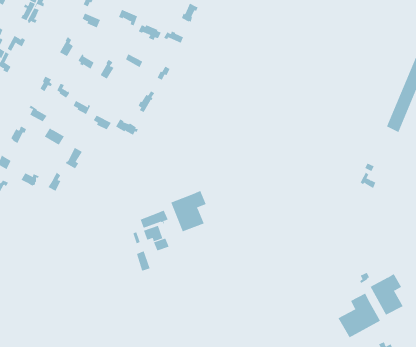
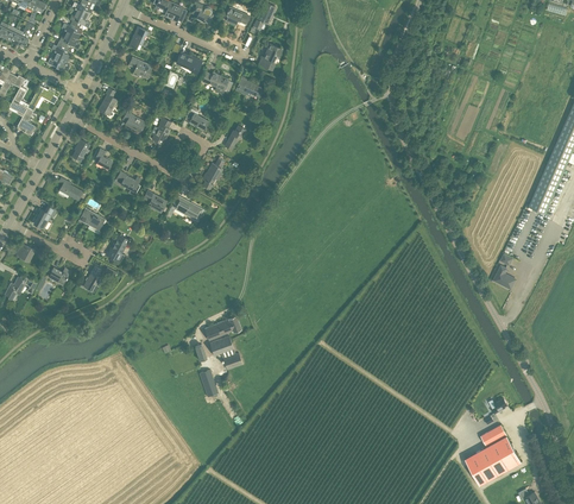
building: [170,190,207,232] -> none
building: [370,273,404,316] -> none

